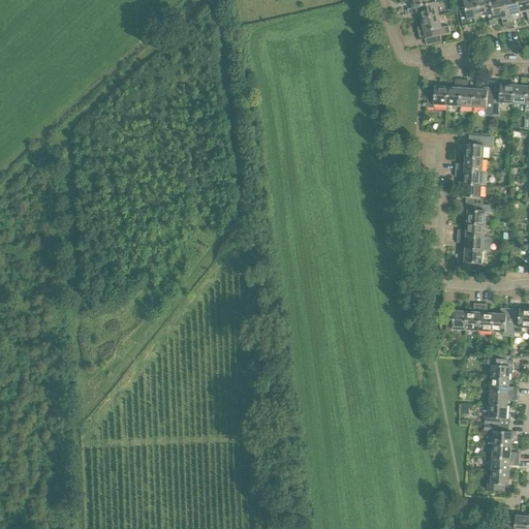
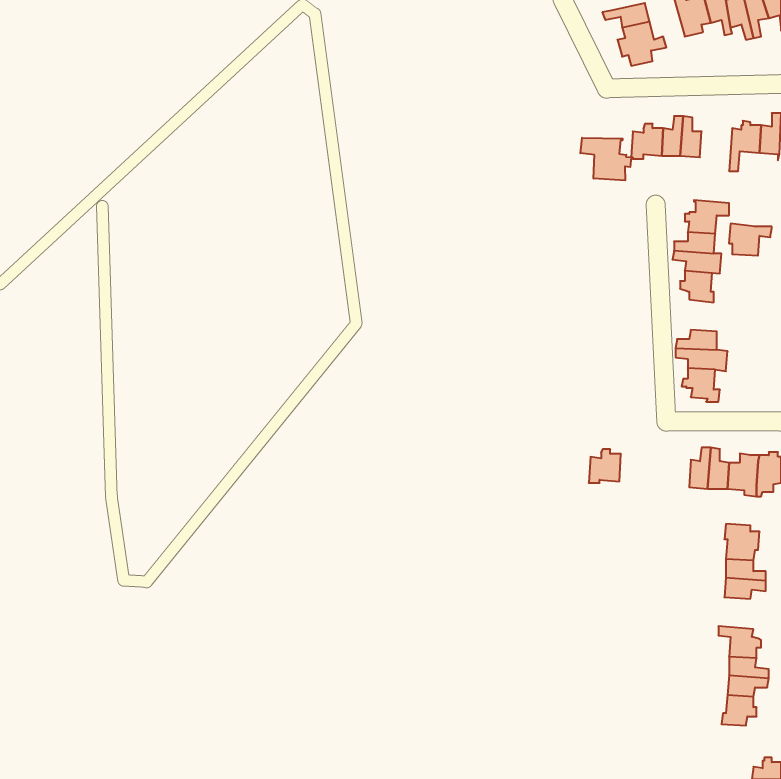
building: [473,87,495,116] -> none
building: none -> [580,138,631,180]
building: [465,203,494,224] -> [729,224,772,256]
building: [445,308,467,331] -> [589,449,621,483]
building: [486,404,509,426] -> none

